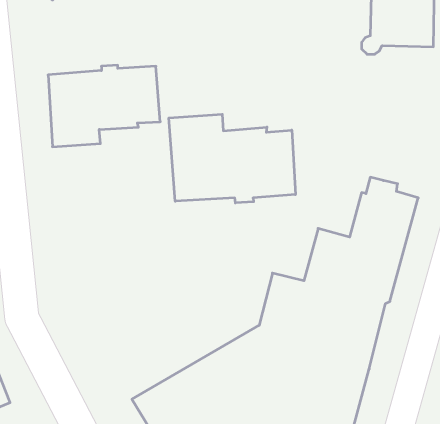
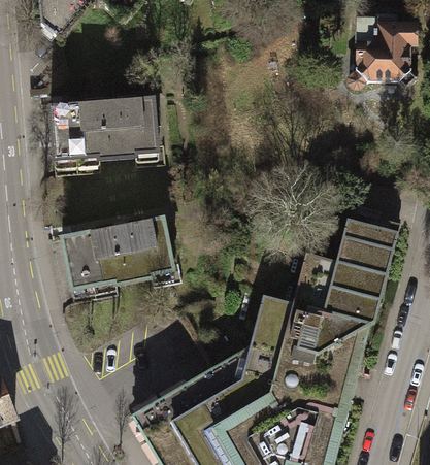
building: [169,114,295,203] -> none
building: none -> [62,217,173,301]

